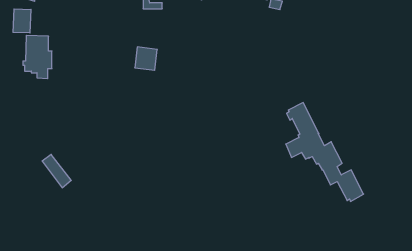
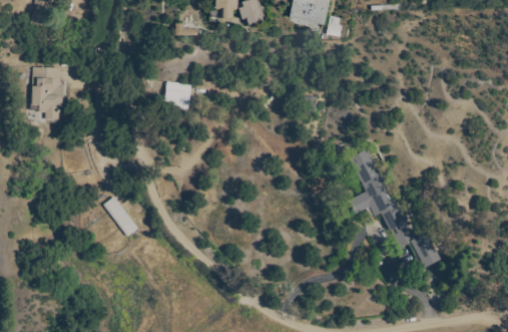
building: [13,9,31,33] -> none
building: [42,154,71,188] -> [103,197,138,237]

